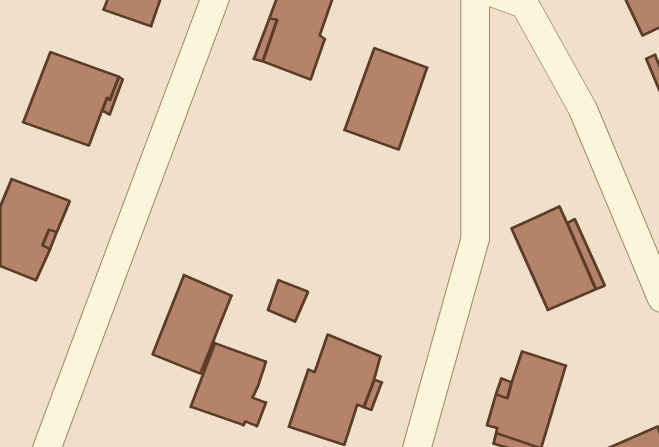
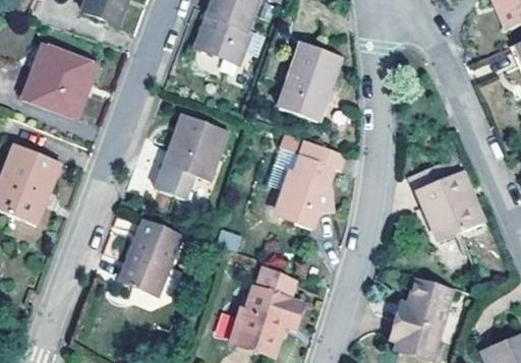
building: none -> [159,114,229,200]
building: none -> [278,139,337,229]
building: [191,343,266,426] -> none

